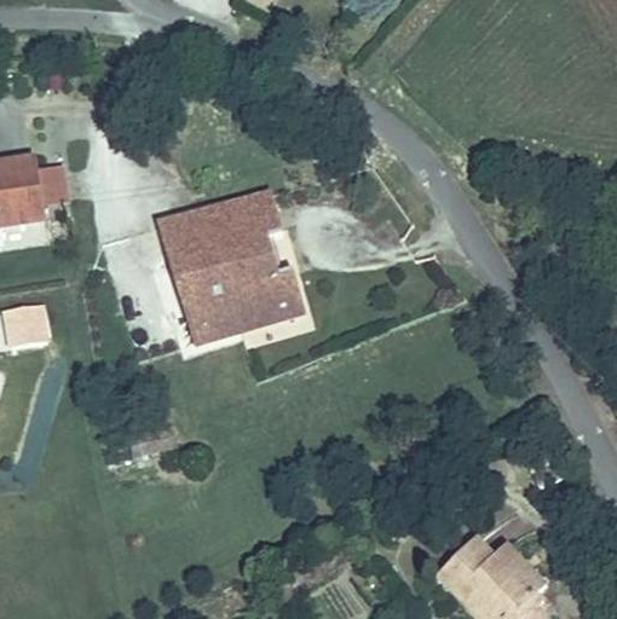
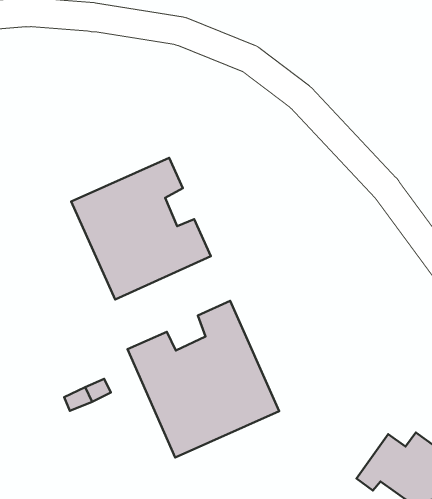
building: none -> [128,301,279,458]

